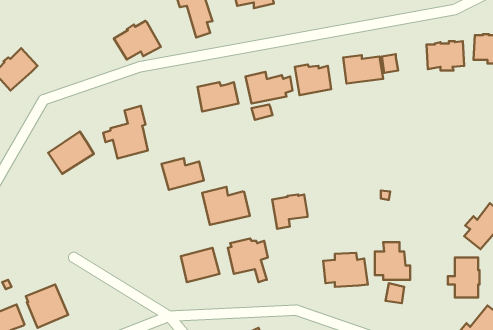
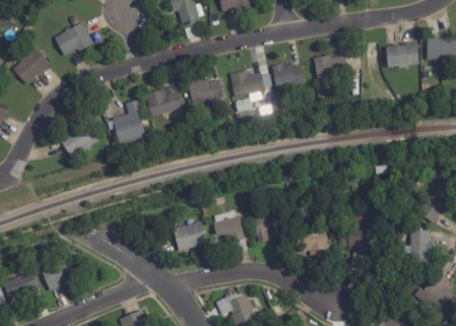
building: [114,21,161,60] -> [54,23,94,57]
building: [162,158,204,190] -> [145,88,182,116]
building: [202,187,250,225] -> none
building: [272,195,308,229] -> [254,212,284,242]

